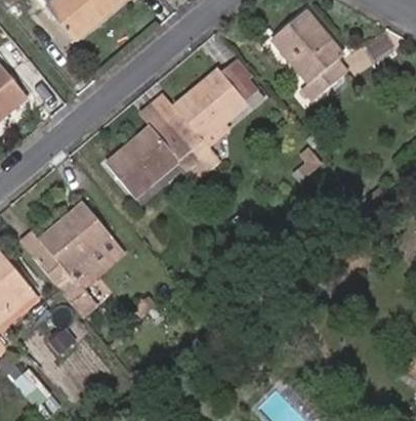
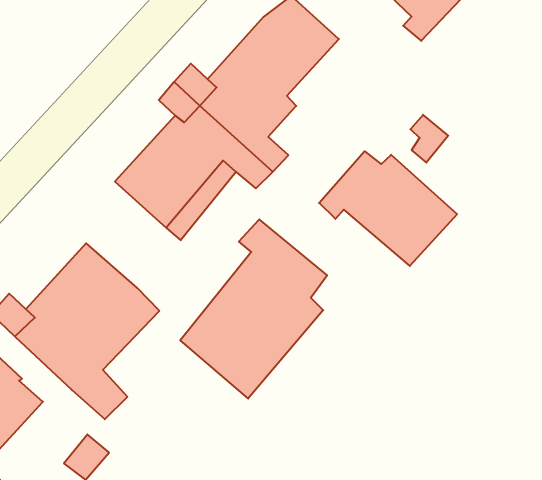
building: none -> [319,151,457,266]
building: none -> [180,219,327,399]

